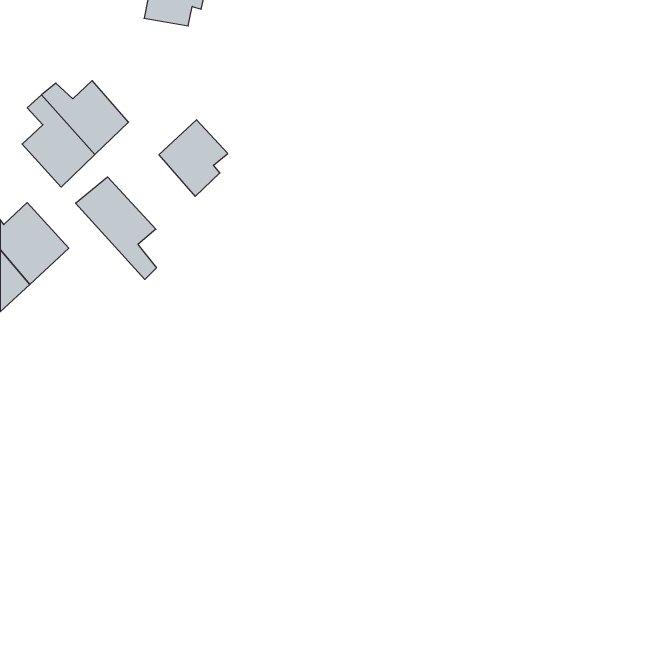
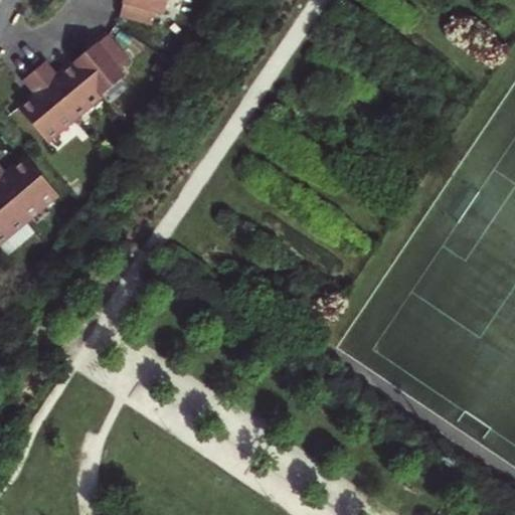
building: [159,120,228,196] -> [73,35,127,95]
building: [76,177,156,279] -> none

